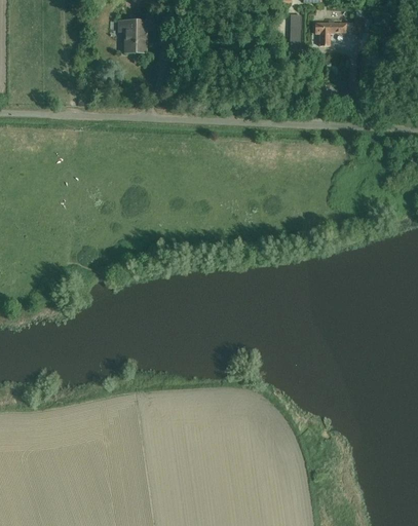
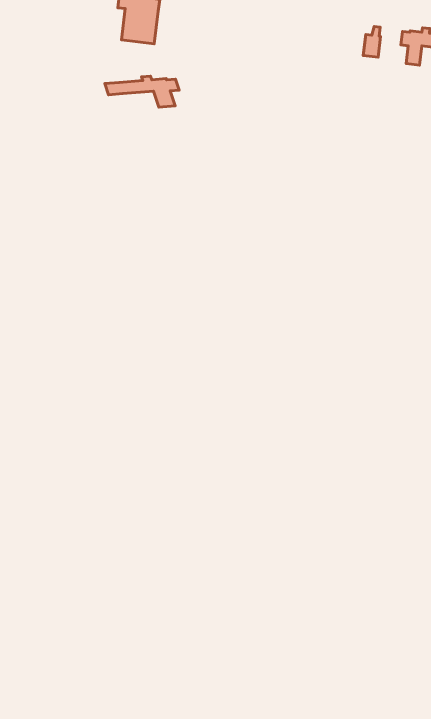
building: none -> [105,76,179,107]

